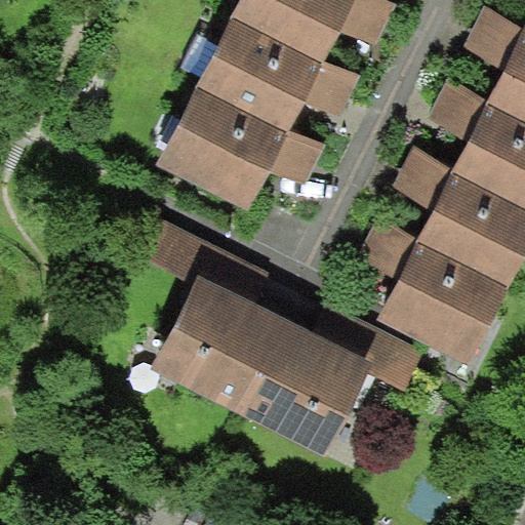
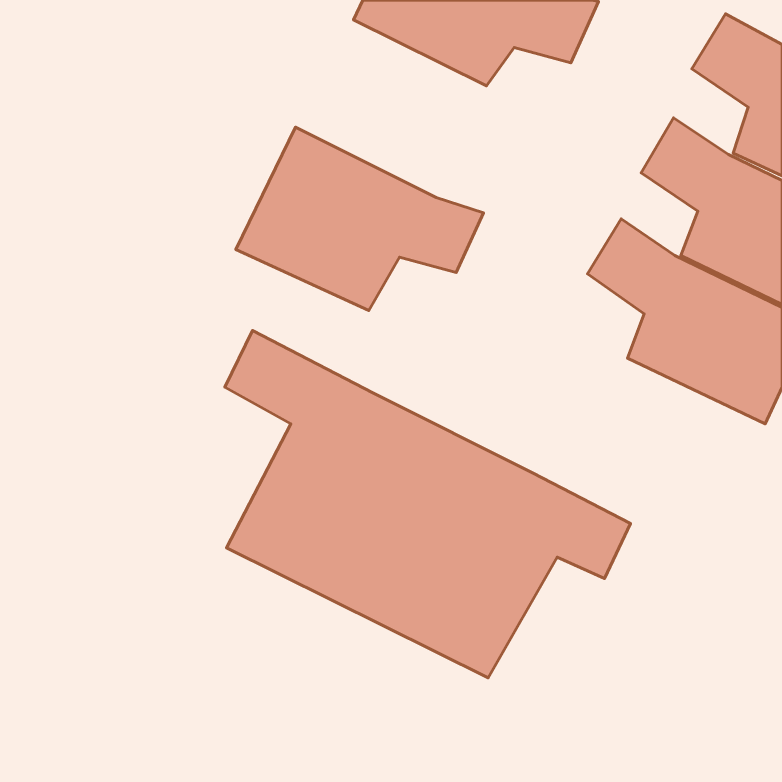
building: [199,17,361,129] -> none
building: [359,217,511,367] -> none

